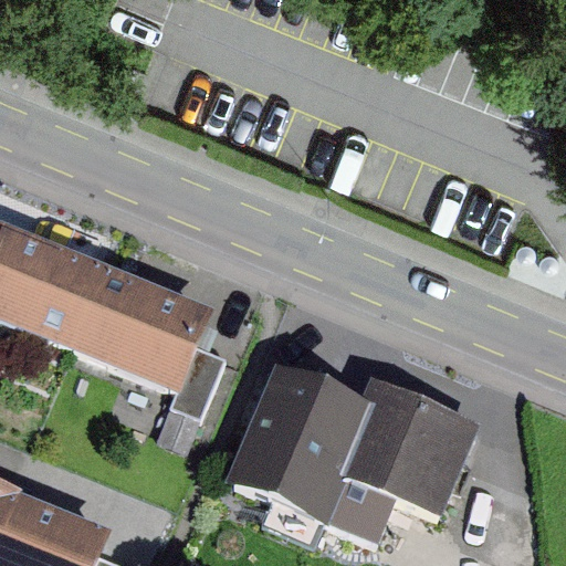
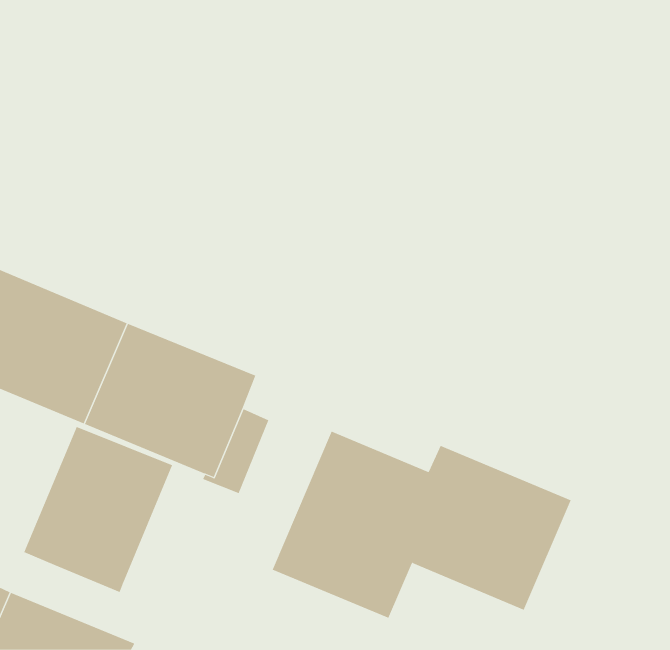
building: none -> [23,426,173,593]

